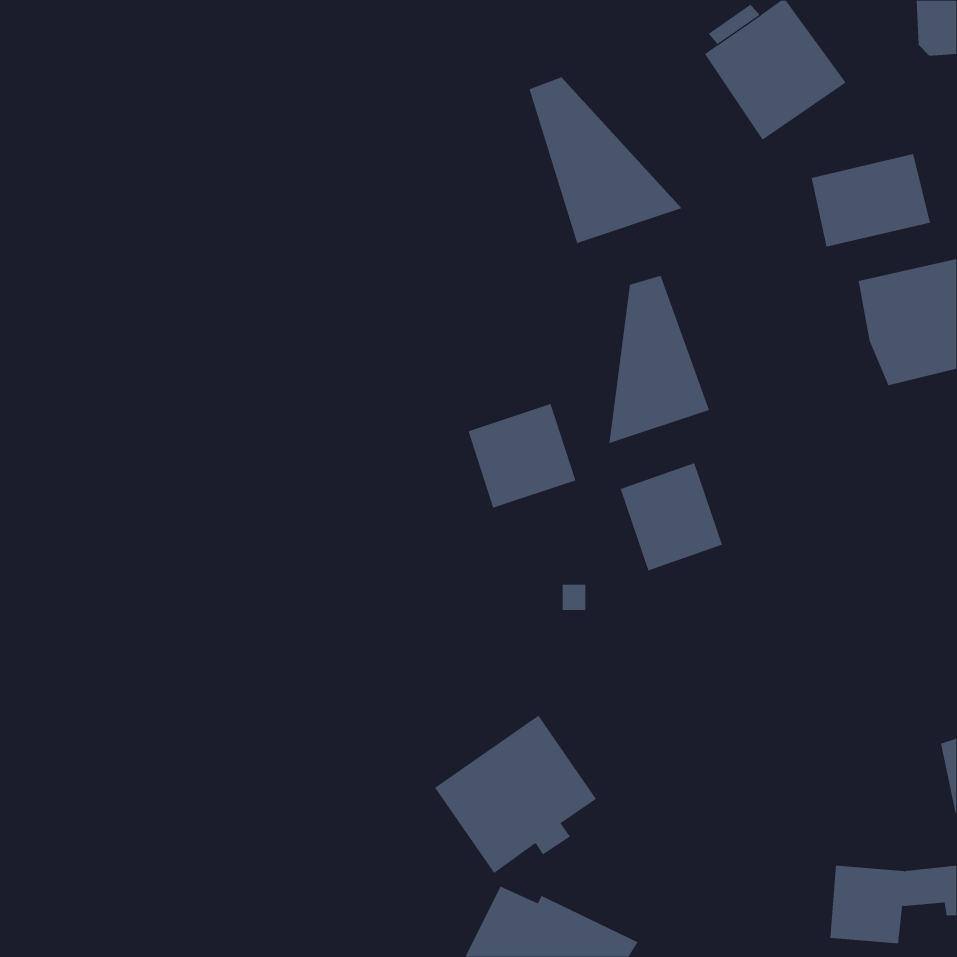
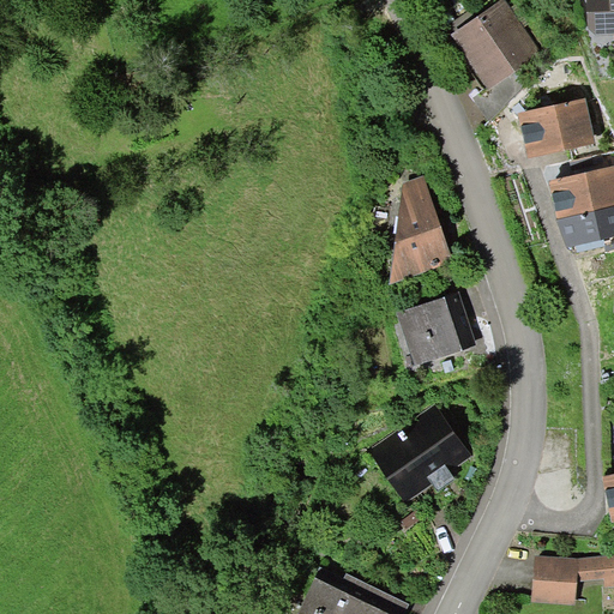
building: [529,77,683,244] -> none
building: [468,403,576,509] -> none
building: [434,715,597,874] -> [368,402,472,504]

